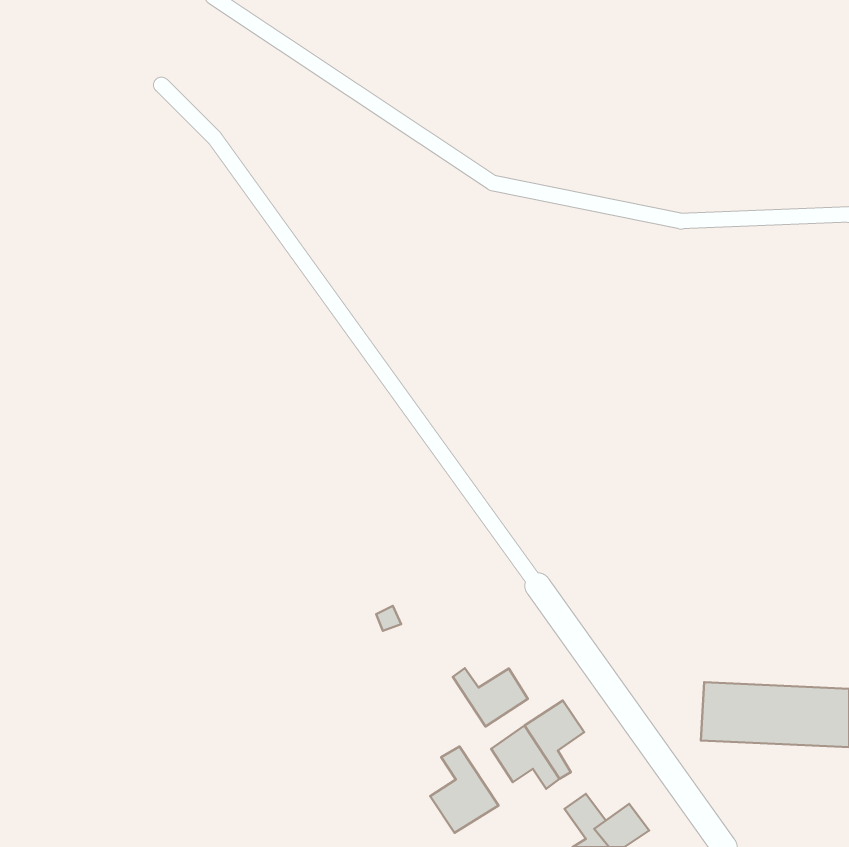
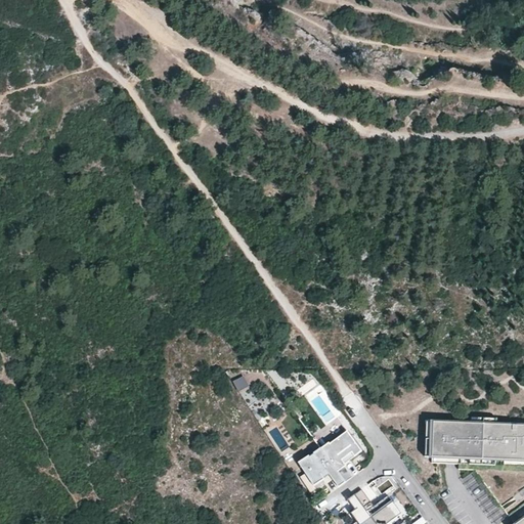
building: [453,668,528,727] -> none
building: [430,746,498,833] -> none

